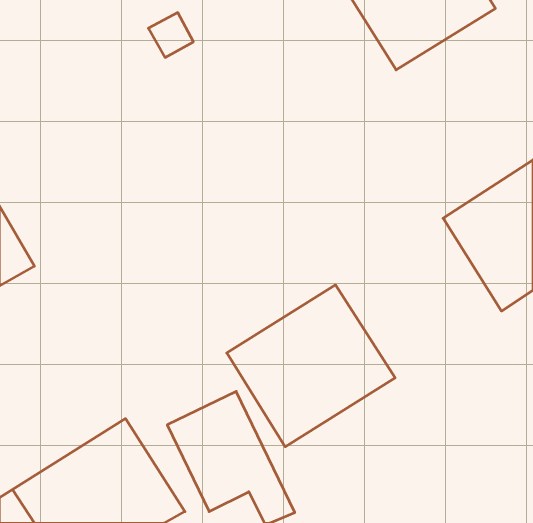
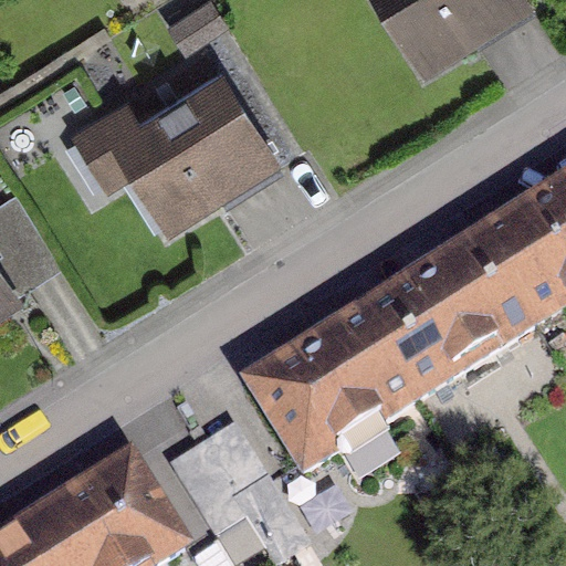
building: none -> [104,82,268,240]
building: none -> [355,231,531,400]

